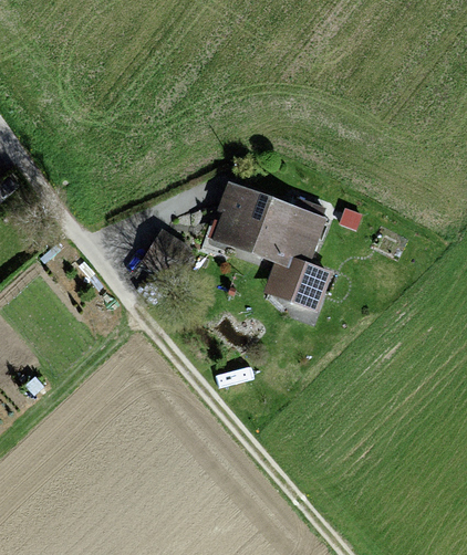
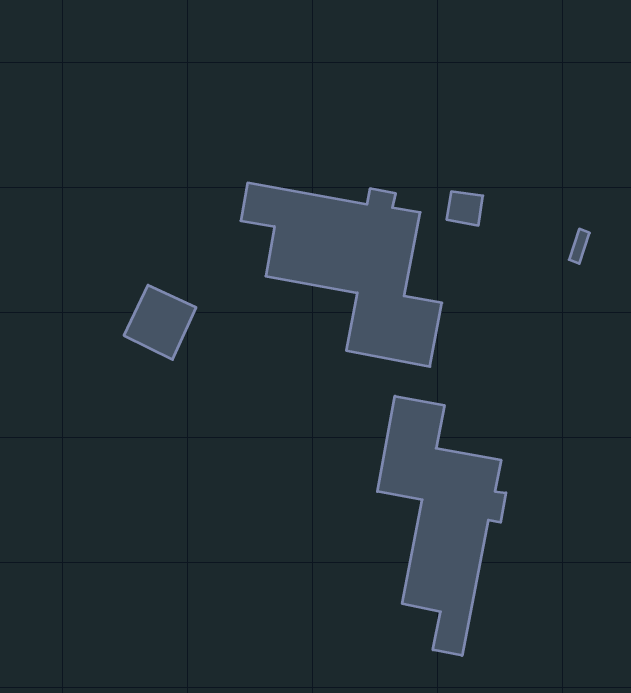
building: none -> [377,396,506,656]

